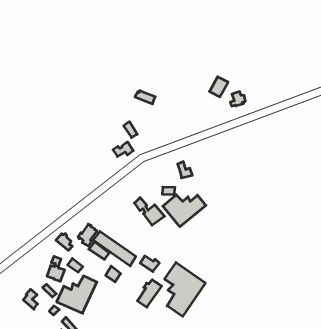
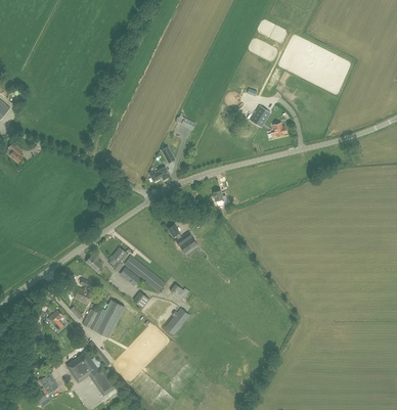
building: [163,195,206,227] -> none
building: [165,262,205,316] -> none

